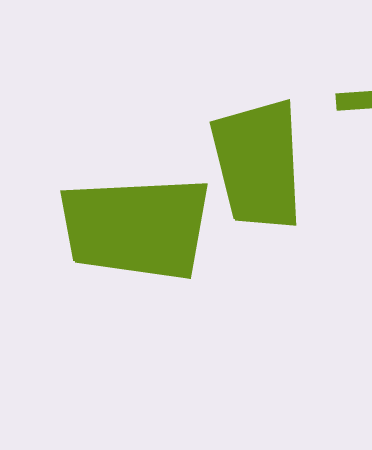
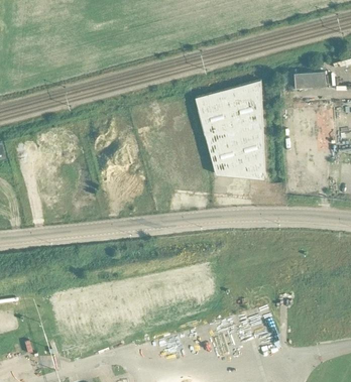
building: [60,182,209,280] -> none

